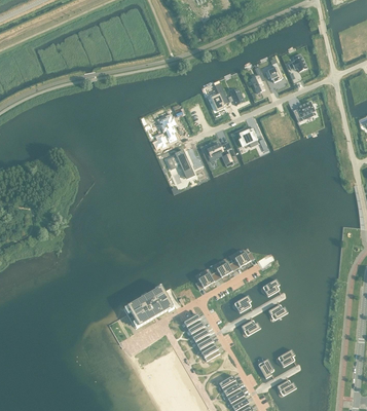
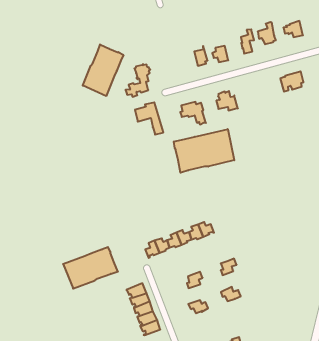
building: none -> [83,44,123,96]
building: none -> [174,129,234,173]

